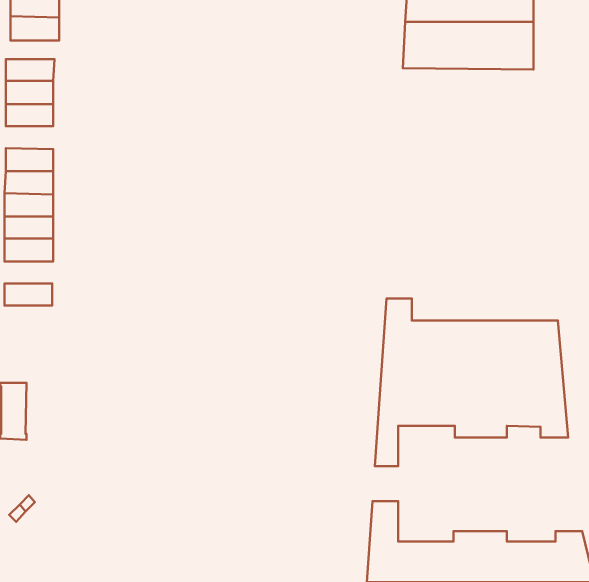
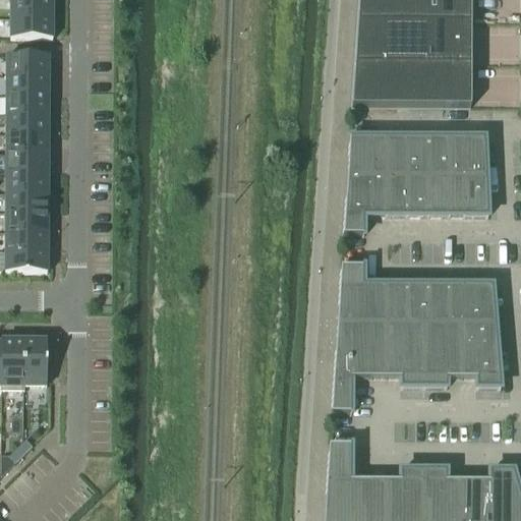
building: none -> [353,60,471,104]
building: none -> [7,111,49,131]
building: none -> [344,134,488,232]
building: none -> [6,230,49,249]
building: none -> [24,337,48,382]

